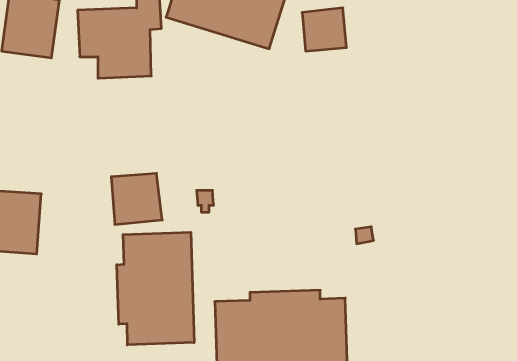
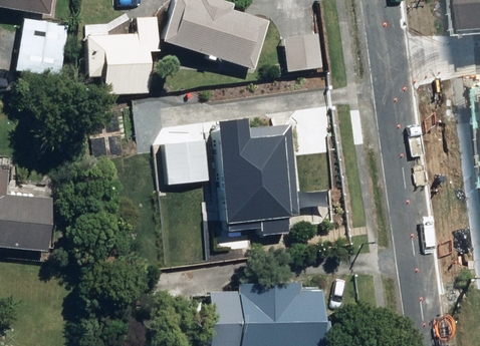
building: none -> [216,117,299,235]
building: [111,173,162,224] -> [164,139,209,185]
building: [117,232,194,345] -> none

